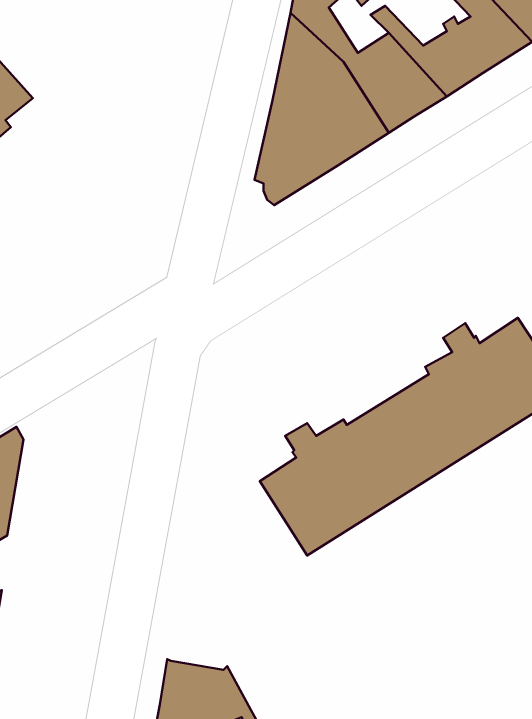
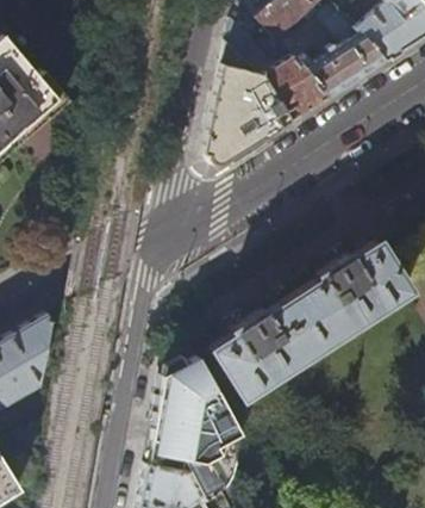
building: none -> [150,359,239,500]

